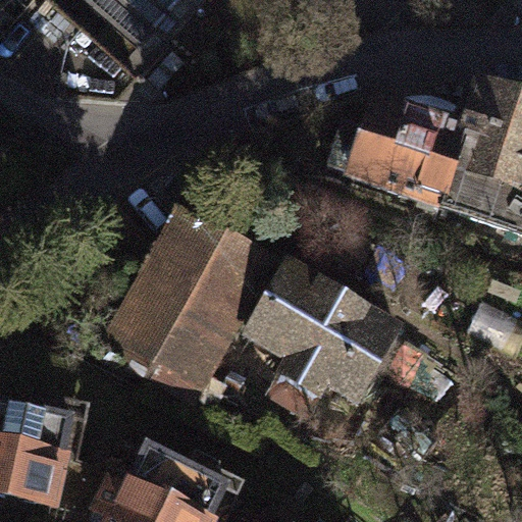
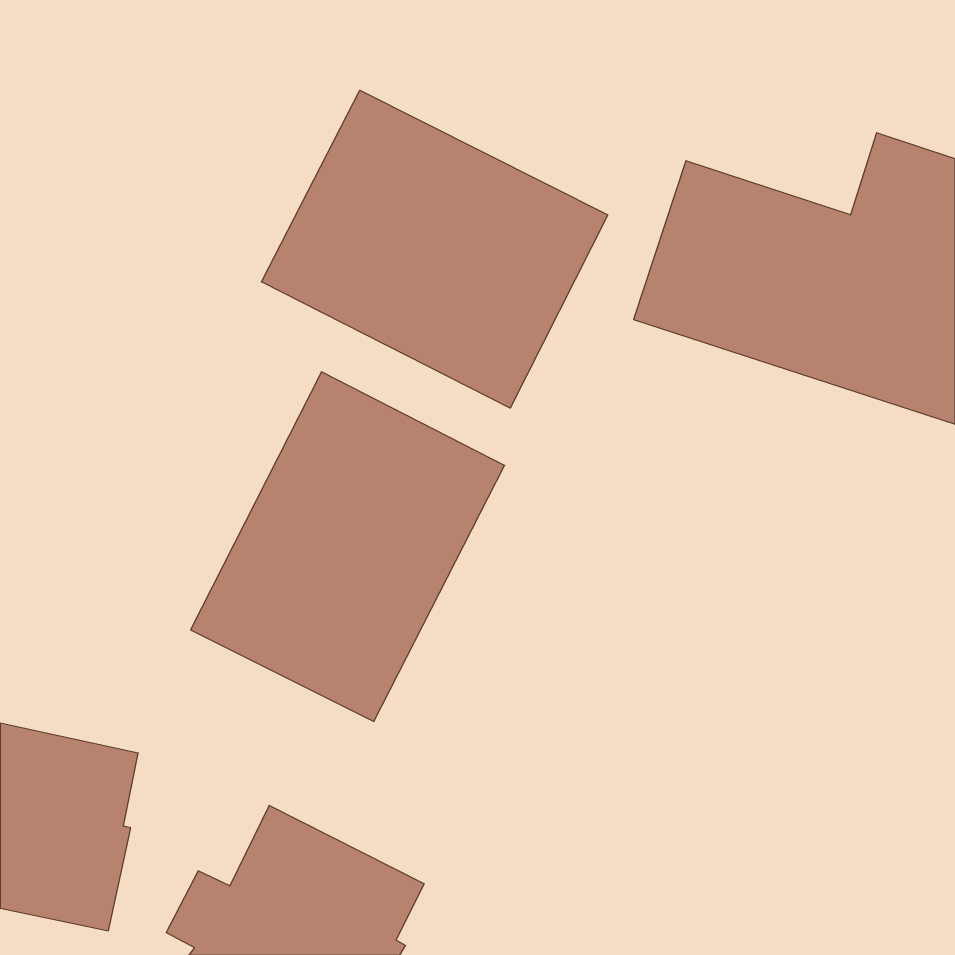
building: none -> [261,90,608,408]
building: [242,256,407,405] -> none

